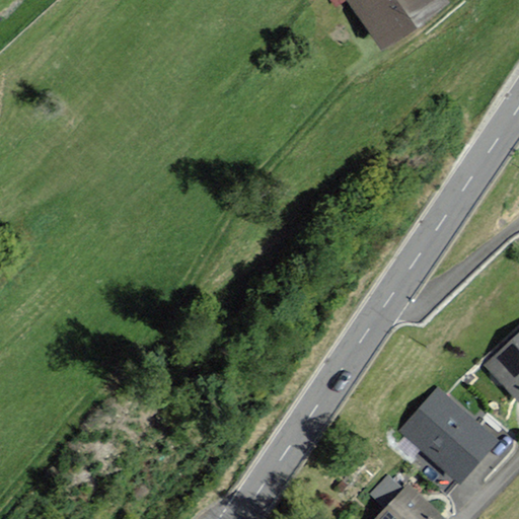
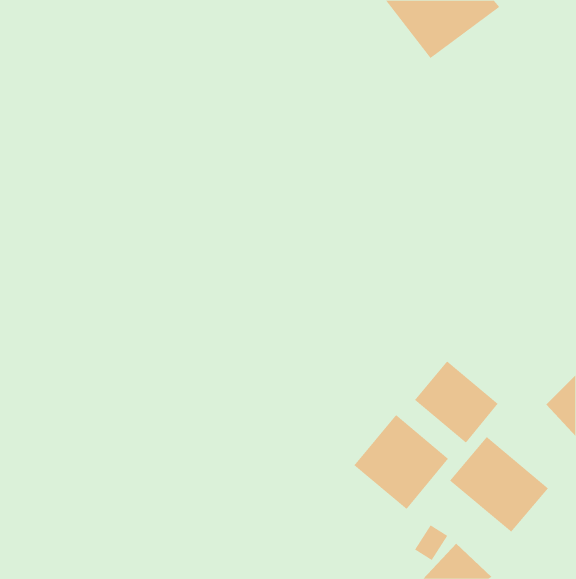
building: none -> [414,360,499,443]
building: none -> [354,414,449,510]

